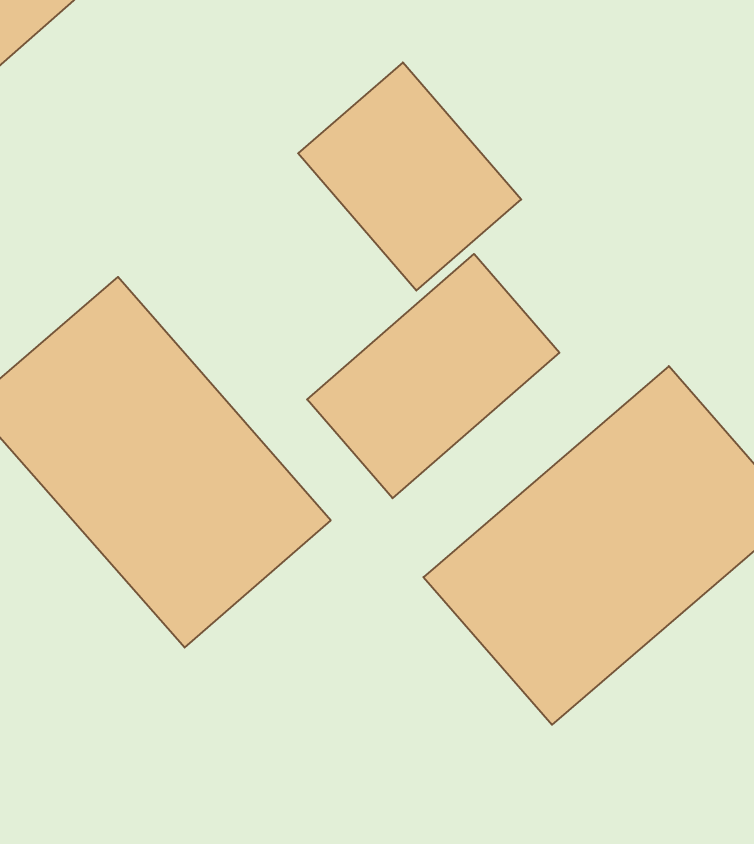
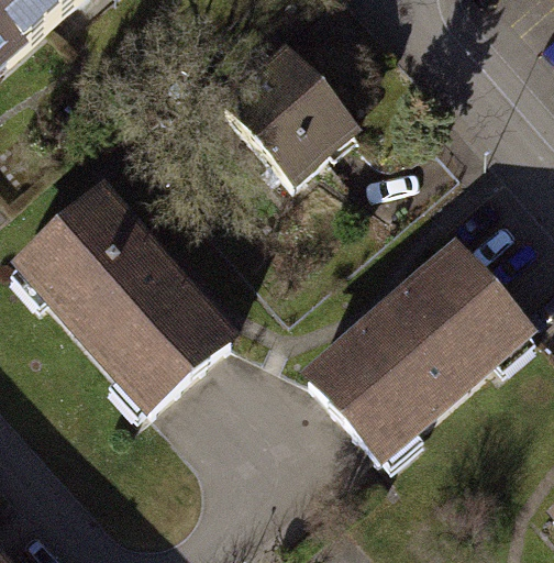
building: [307,254,559,498] -> none

